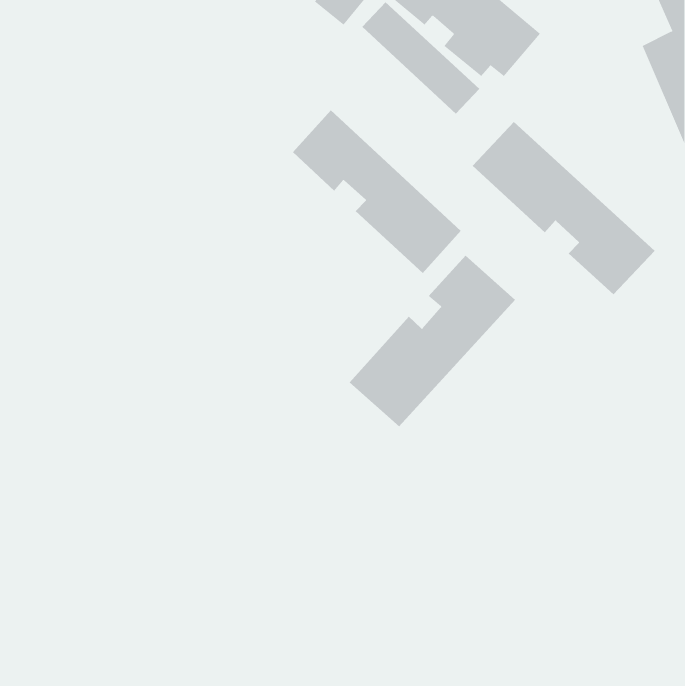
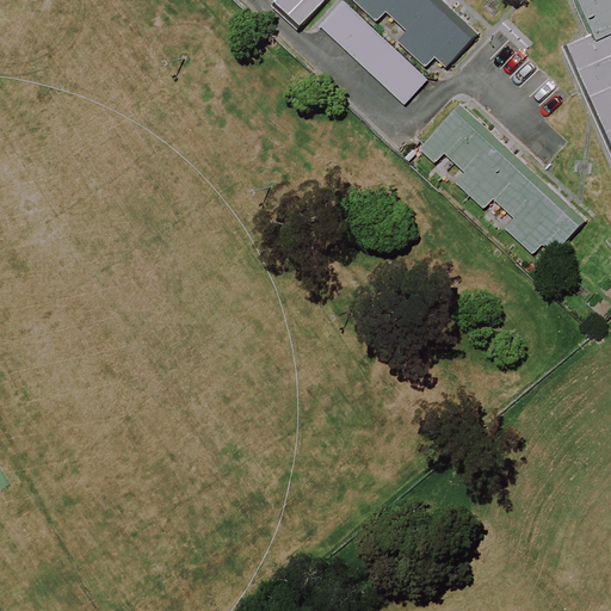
building: [292,109,462,274] -> none
building: [349,255,516,427] -> none

